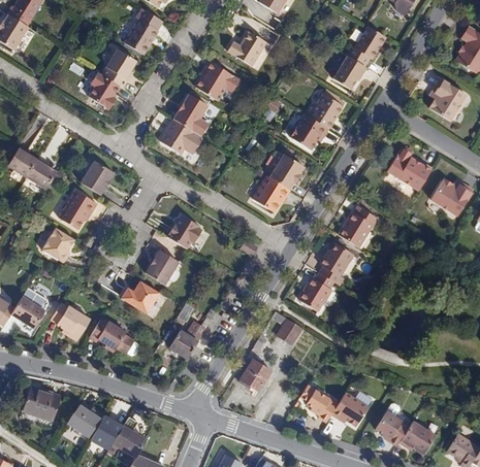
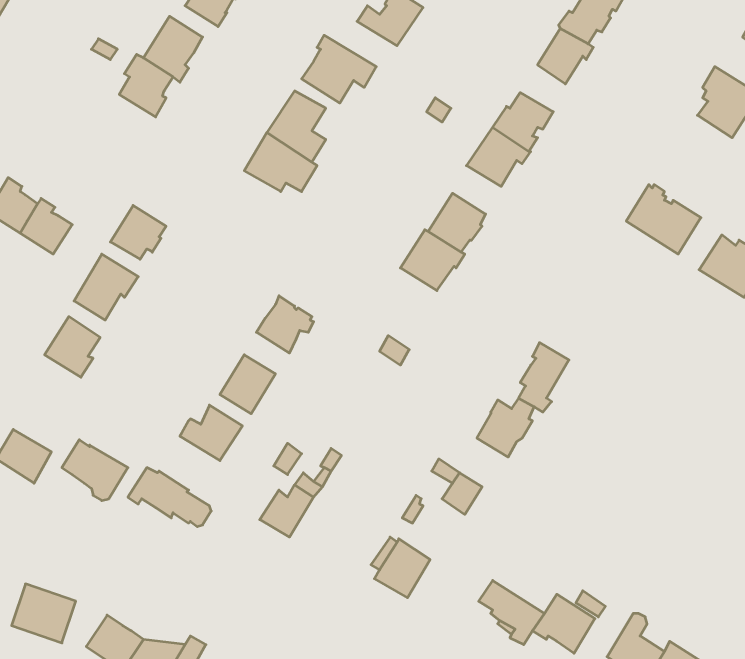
building: [339,206,377,246] -> none

